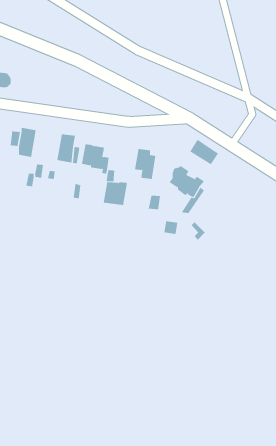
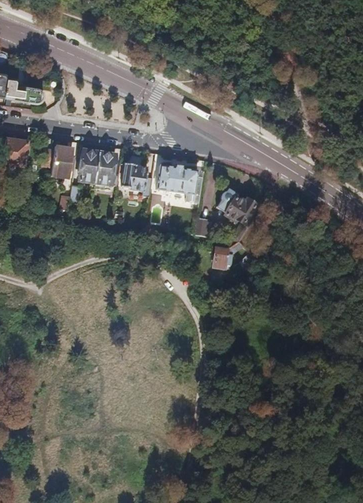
building: none -> [78,151,99,182]
building: [189,139,219,165] -> none
building: [103,182,127,205] -> [156,166,183,192]

